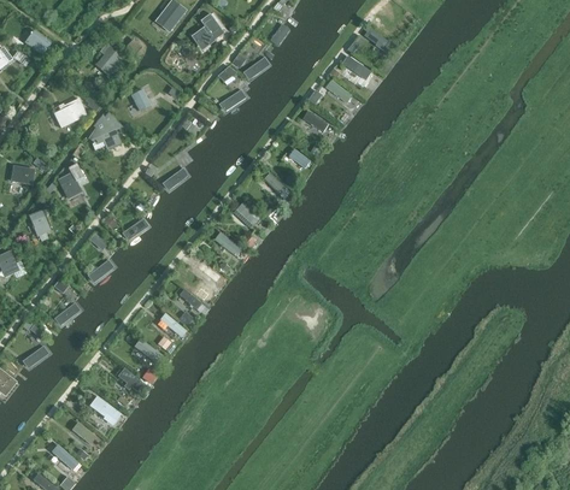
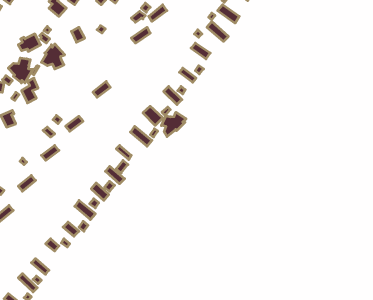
building: none -> [8,58,33,83]
building: none -> [161,112,186,137]

